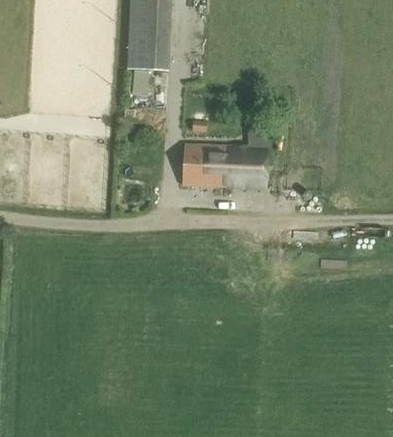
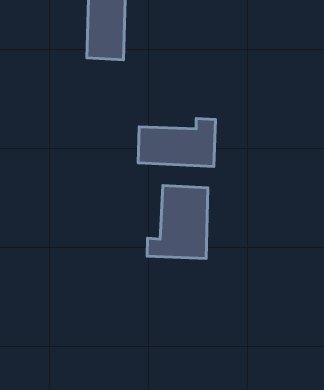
building: none -> [147,186,208,259]

